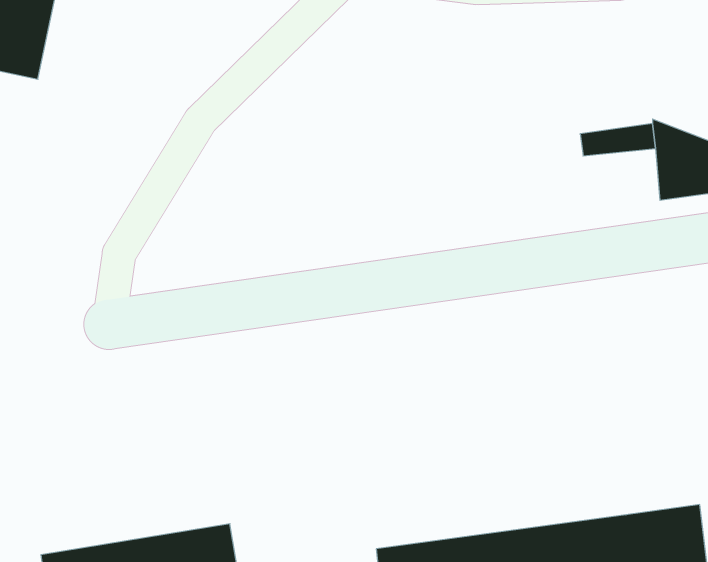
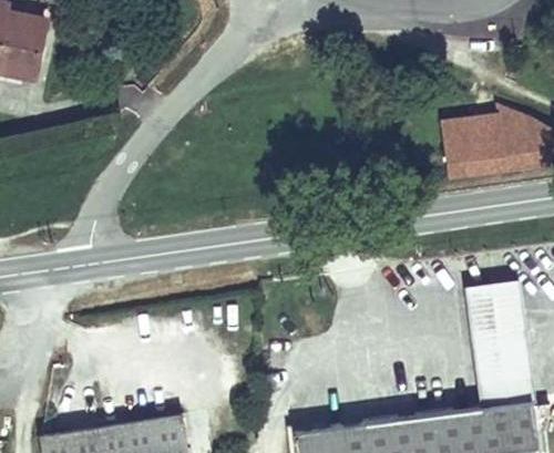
building: none -> [447,134,504,181]
building: none -> [461,277,534,409]

